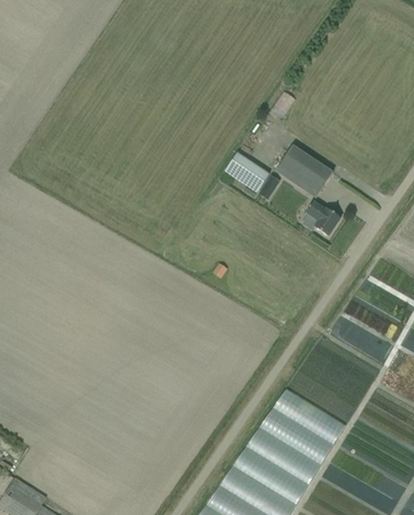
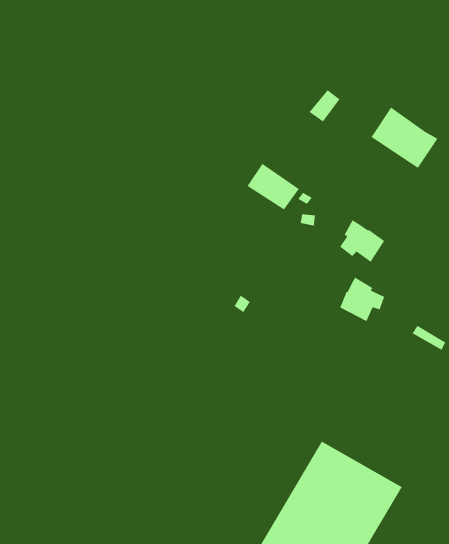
building: [272,144,329,196] -> [371,107,439,169]
building: none -> [339,276,385,322]

